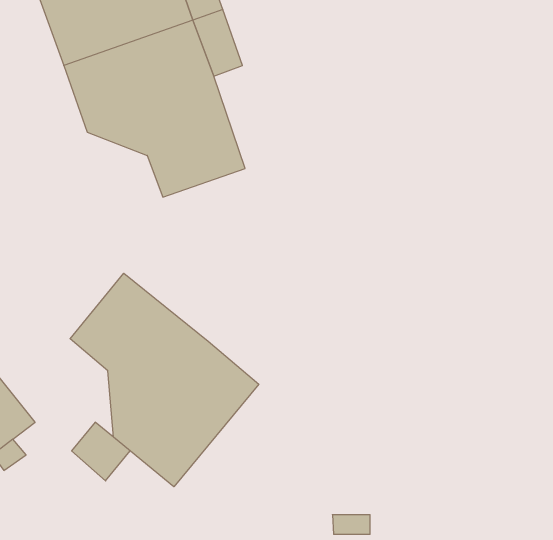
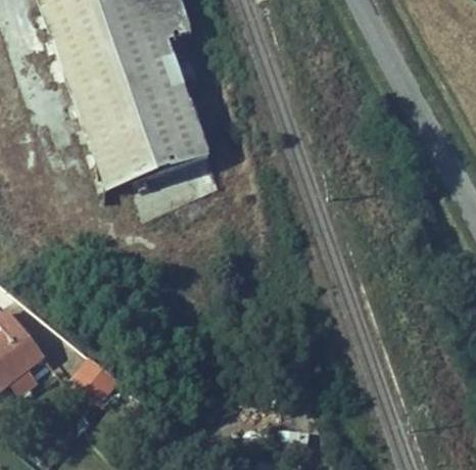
building: none -> [85,126,144,190]
building: [70,273,259,487] -> none

